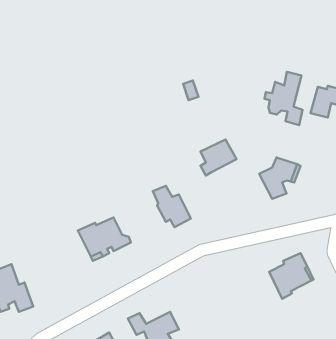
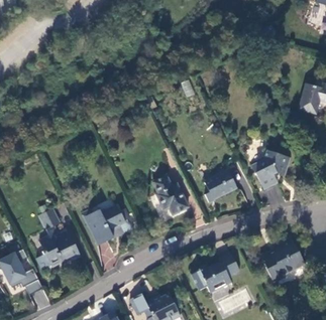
building: [264,72,303,125] -> none
building: [200,140,236,175] -> [205,170,238,203]
building: none -> [39,208,80,265]
building: none -> [191,253,239,292]

